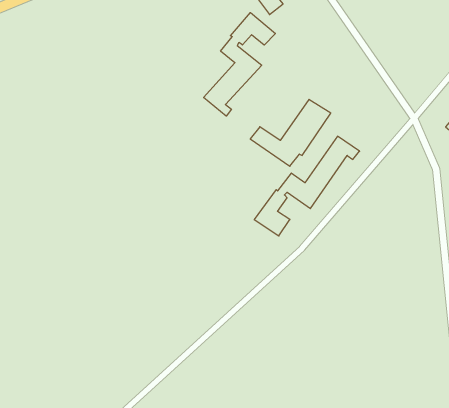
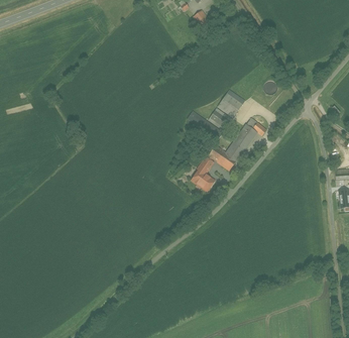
building: [204,13,275,116] -> none

